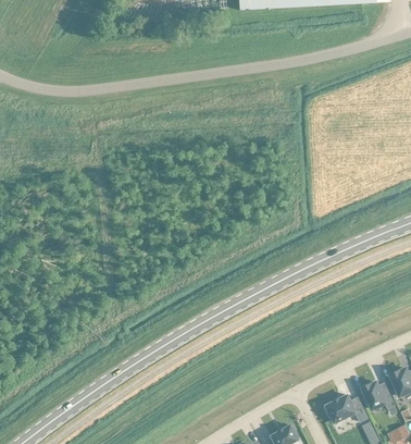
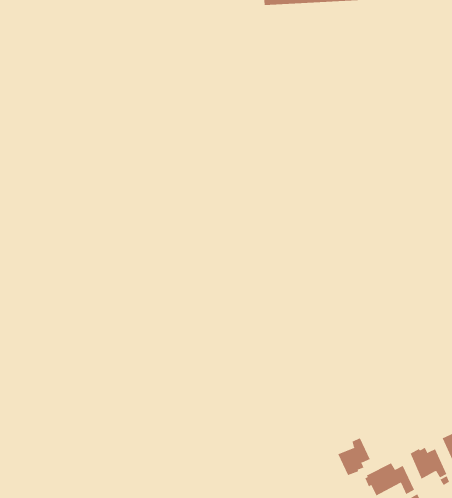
building: none -> [338,438,371,476]

